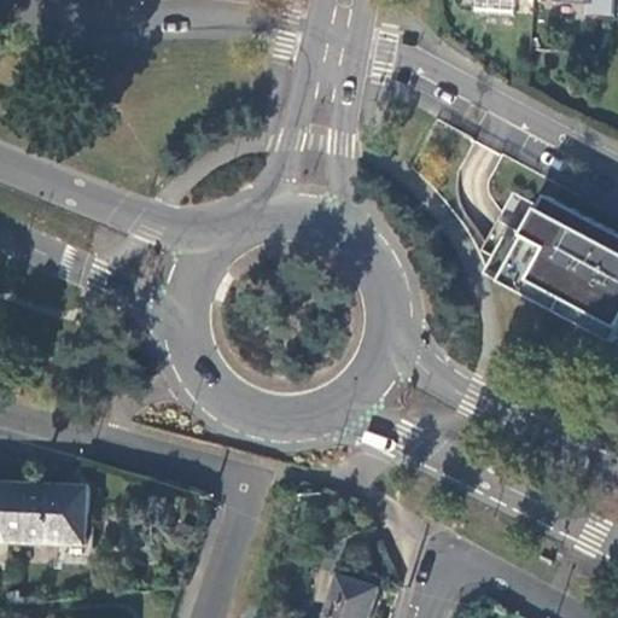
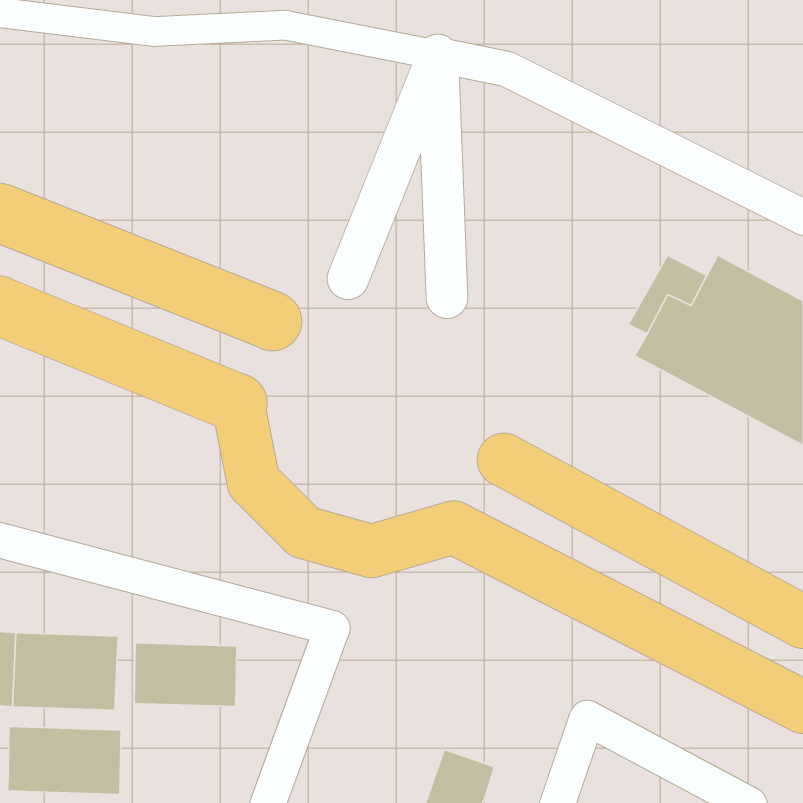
building: none -> [134,643,237,707]
building: none -> [8,727,121,794]

